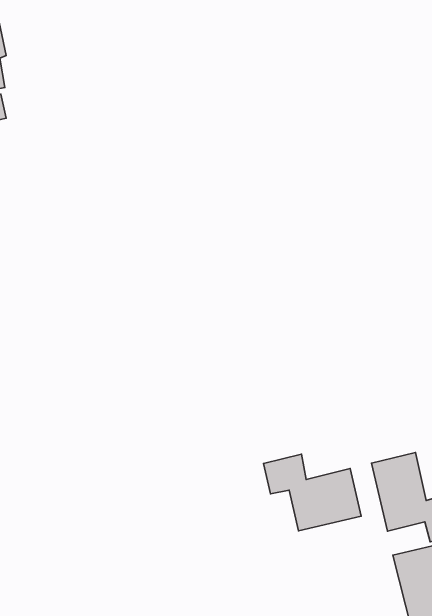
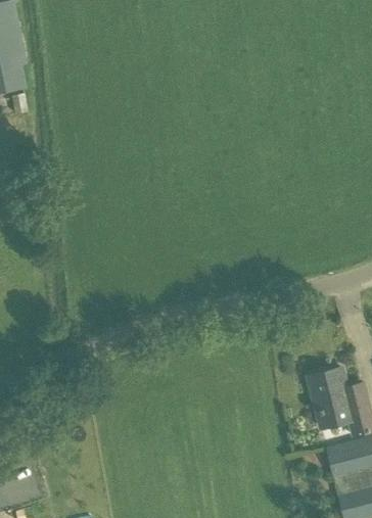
building: [264,454,361,531] -> none

